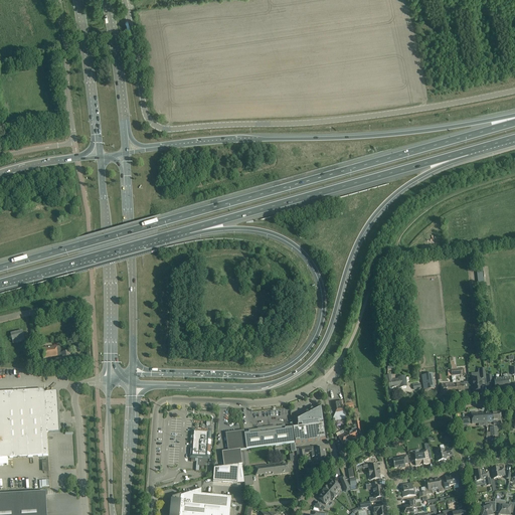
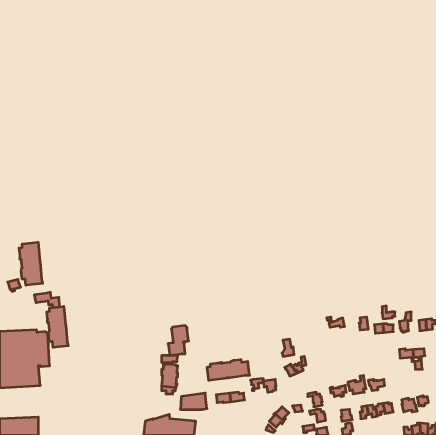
building: none -> [19,242,43,285]
building: none -> [47,306,68,347]
building: [292,404,324,442] -> none
building: [221,430,245,465] -> [168,326,189,356]

